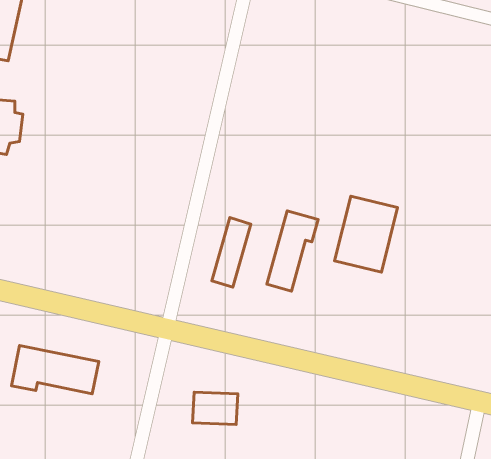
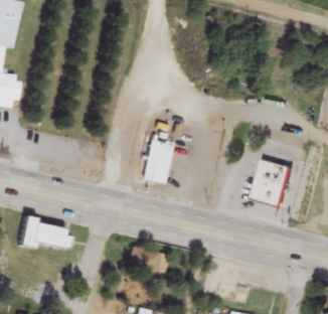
building: [335,196,398,272] -> [253,159,292,206]
building: [267,211,318,291] -> none

